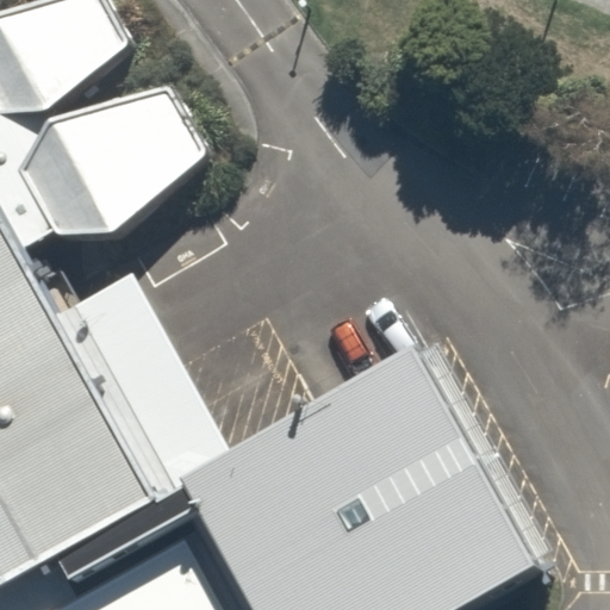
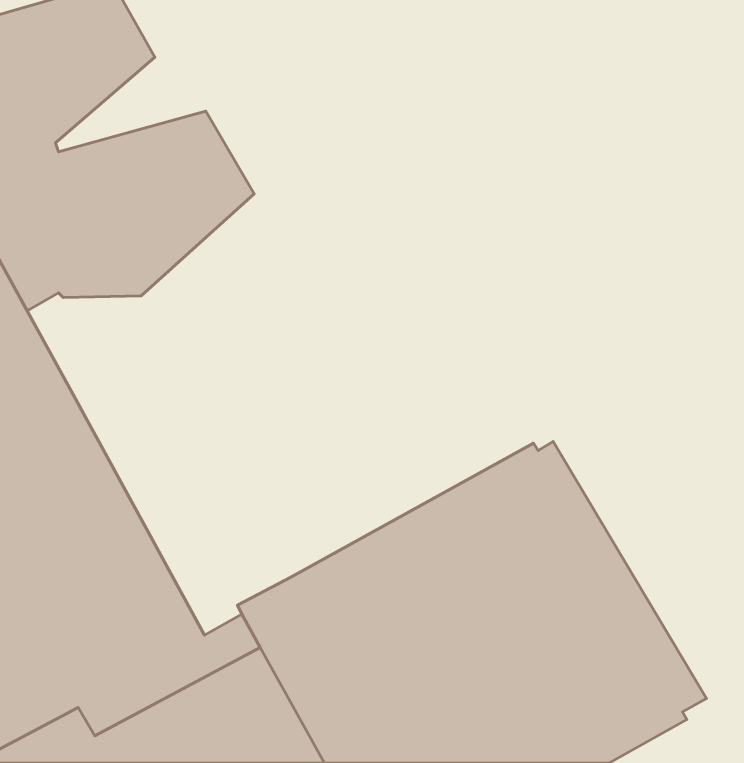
building: [58,275,231,504] -> none

